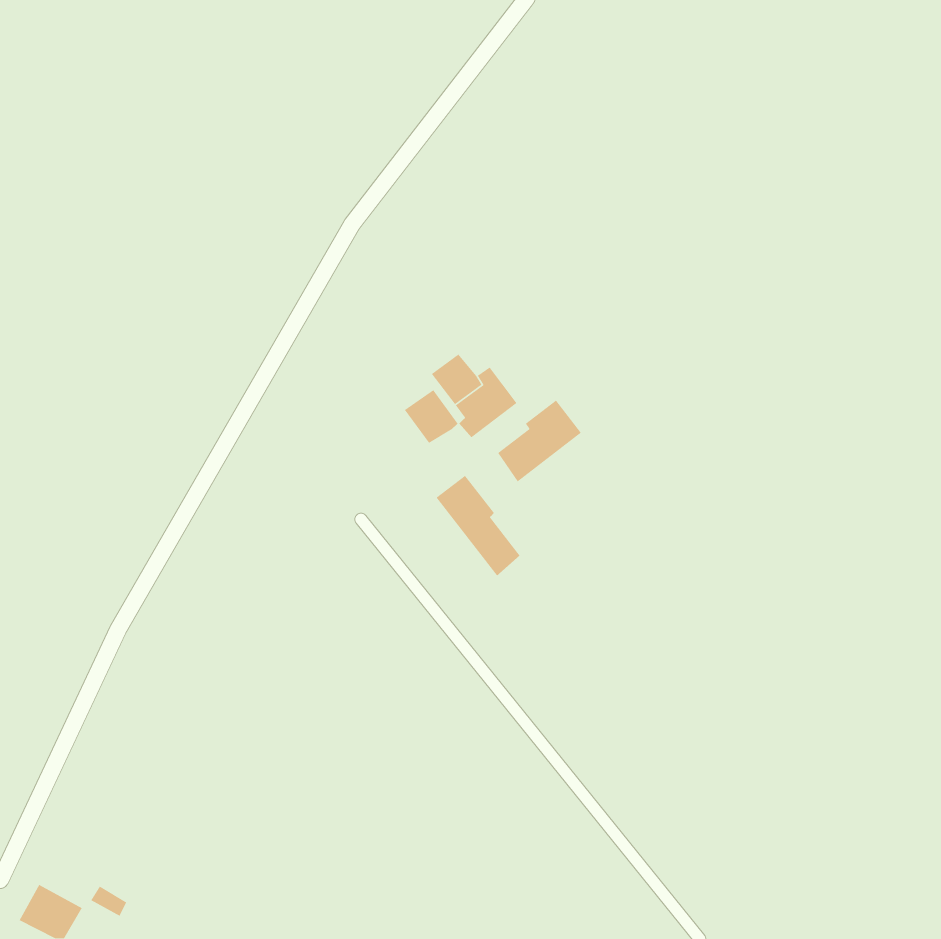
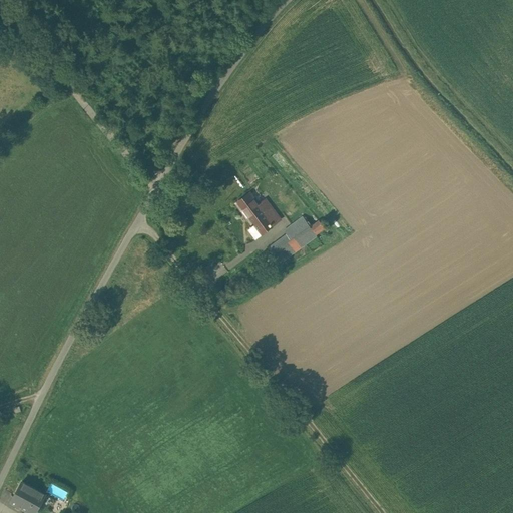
building: [404,389,459,444] -> none
building: [436,475,520,577] -> none

